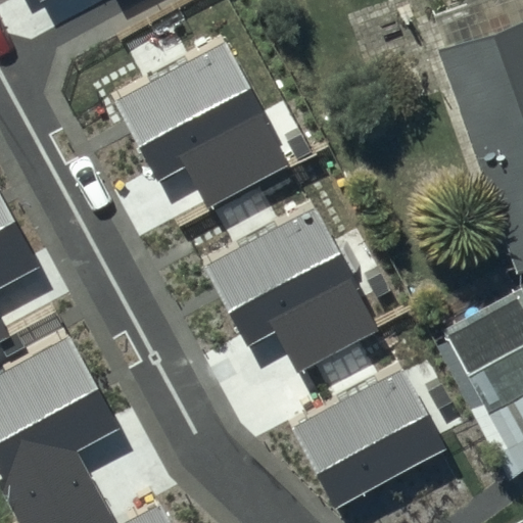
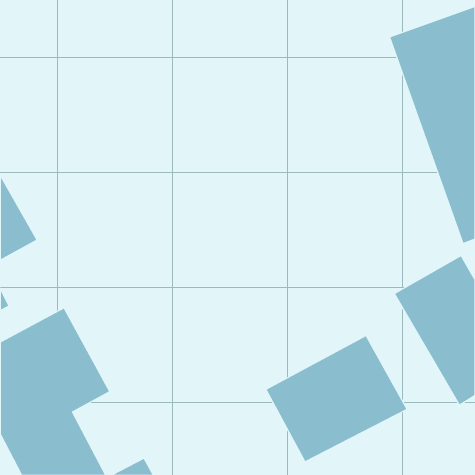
building: [115,41,291,208] -> none
building: [206,207,381,375] -> none

